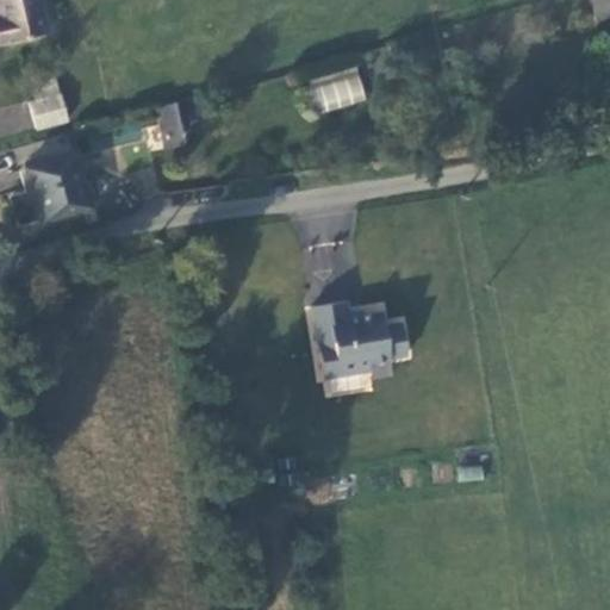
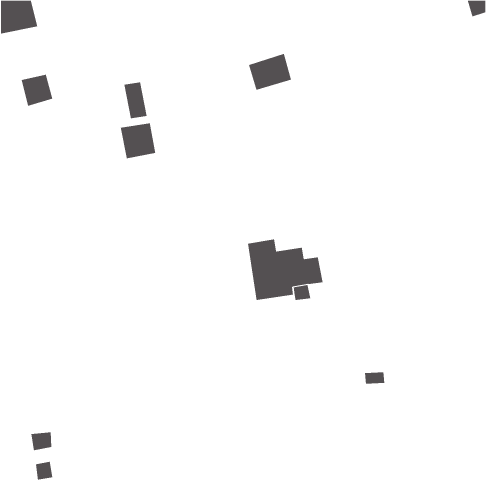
building: [24,152,86,222] -> none
building: none -> [120,122,156,159]

